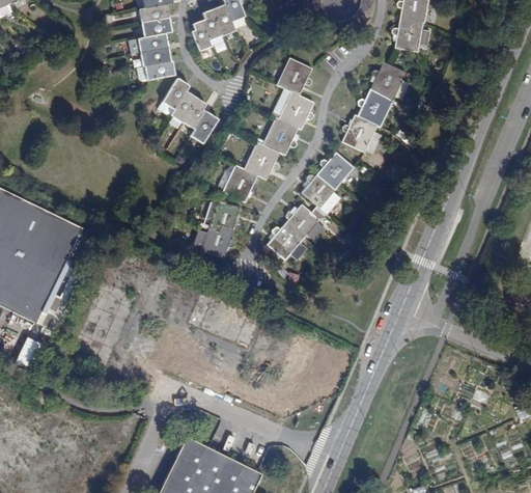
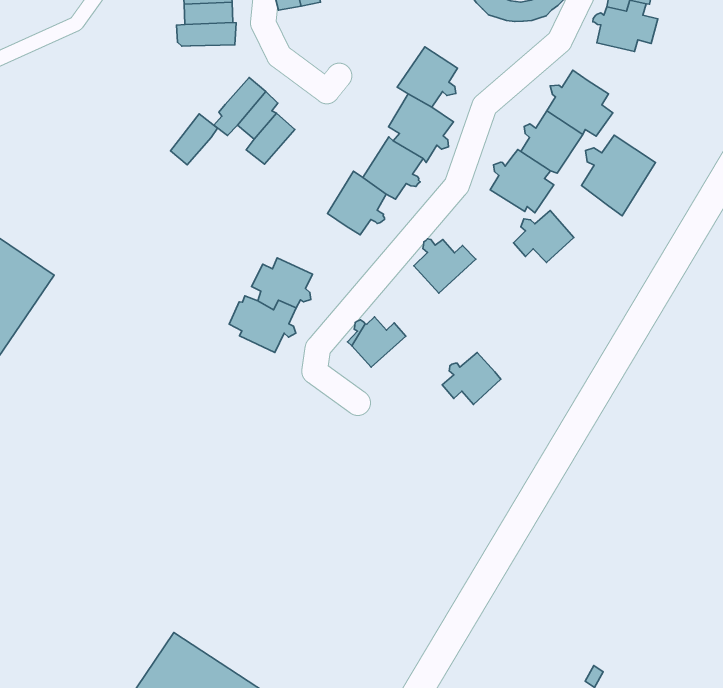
building: [162,79,189,111] -> [170,114,218,165]
building: none -> [581,135,656,216]
building: [317,153,354,185] -> [514,211,574,263]
building: [219,165,257,202] -> none
building: [282,206,317,238] -> [442,352,501,405]

